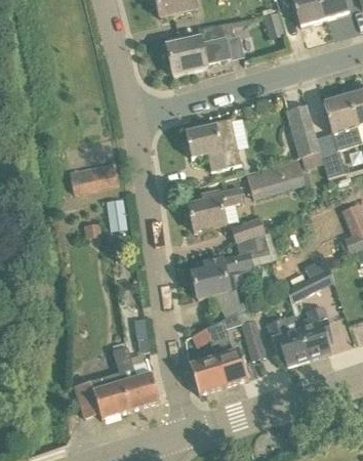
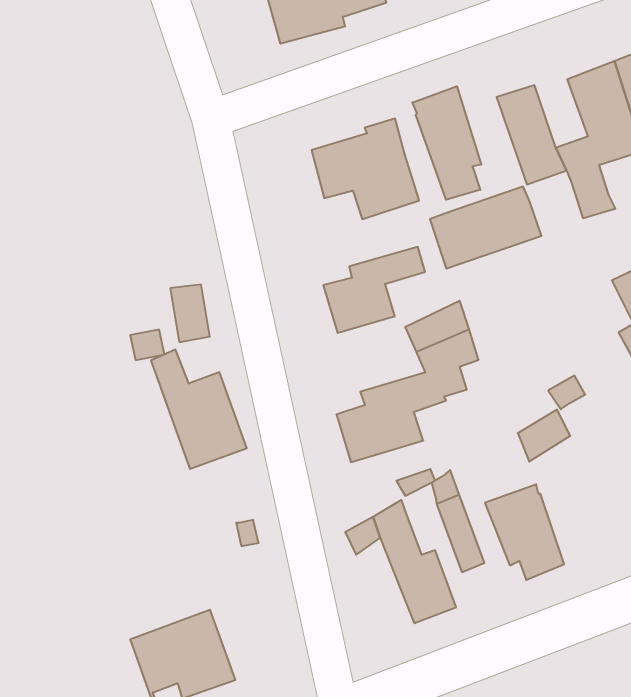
building: none -> [412,86,481,200]
building: [70,163,118,195] -> none
building: [297,306,334,359] -> none
building: [113,346,161,410] -> [151,350,247,469]
building: [190,354,227,393] -> none

